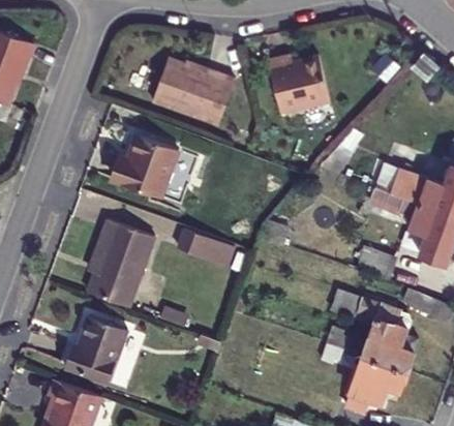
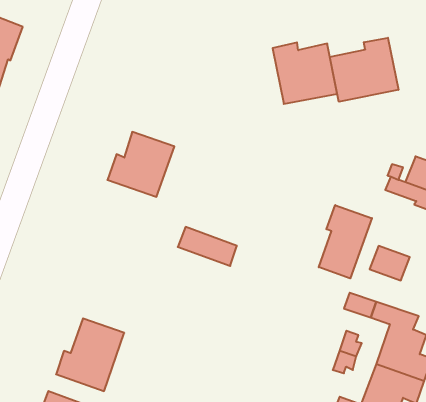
building: none -> [330,38,398,102]
building: [148,61,231,127] -> none
building: none -> [319,205,372,278]
building: [90,221,155,307] -> none

